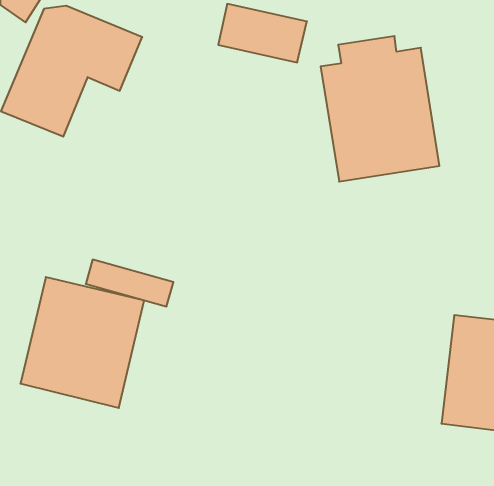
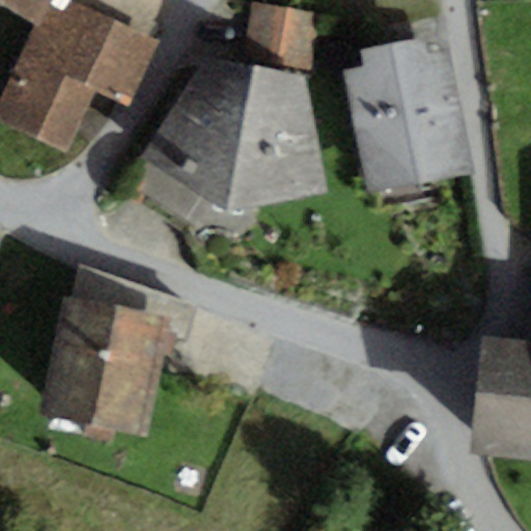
building: none -> [151,49,326,212]

